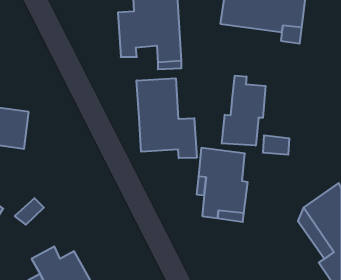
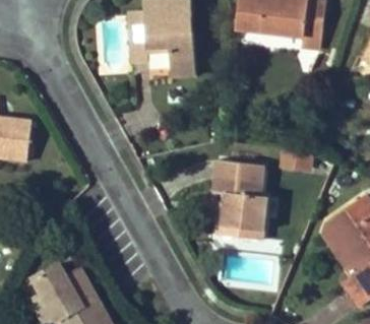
building: [222,76,266,146] -> none
building: [137,78,197,158] -> none

